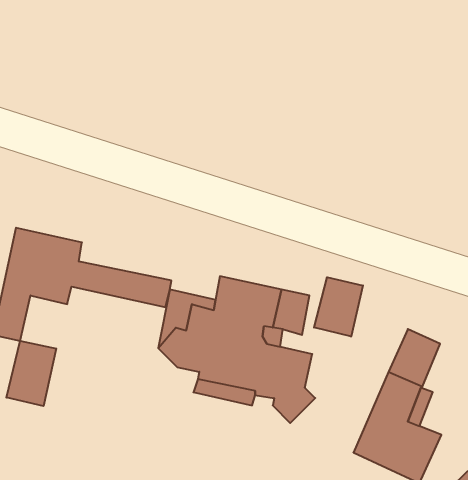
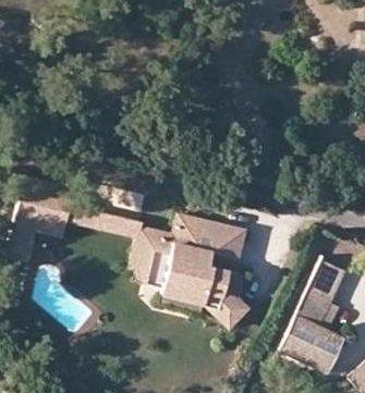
building: [314,277,363,337] -> none
building: [6,341,56,406] -> none

